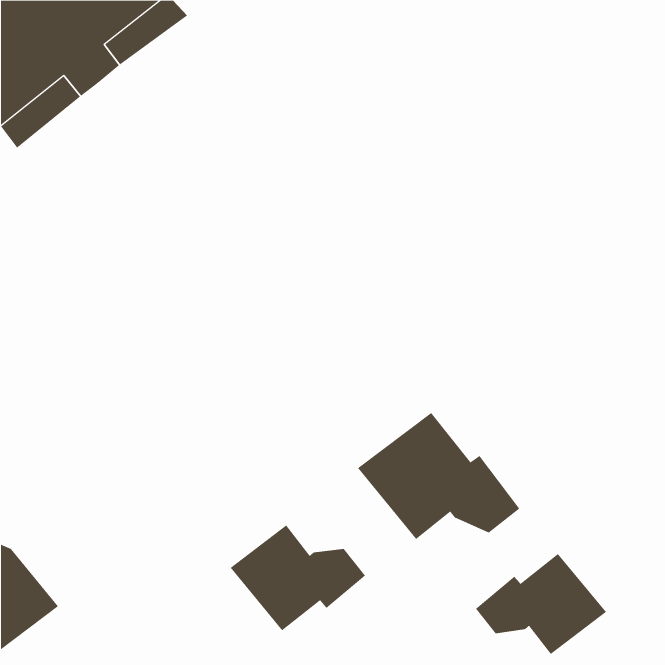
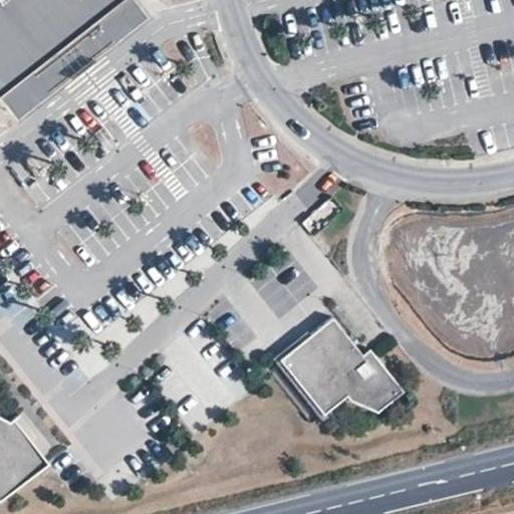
building: [230,525,366,631] -> none
building: [475,553,607,655] -> none

